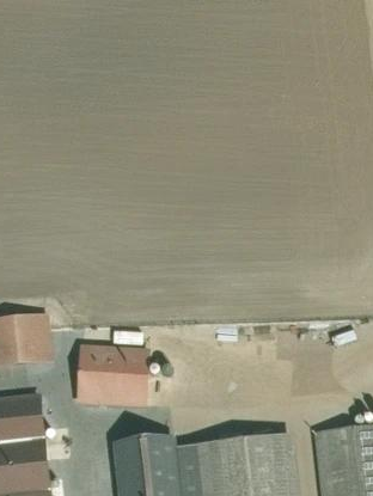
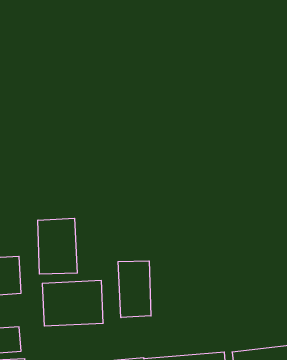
building: none -> [38,218,77,274]
building: none -> [118,261,151,318]

